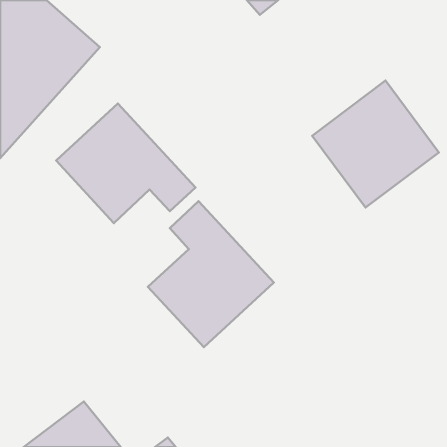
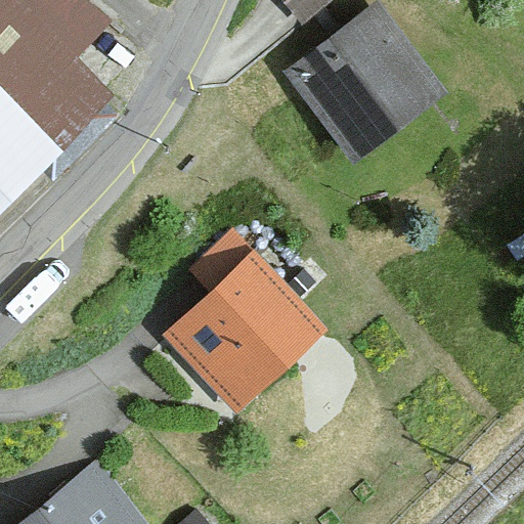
building: [312,81,439,207] -> [292,9,440,158]
building: [56,103,196,223] -> none

